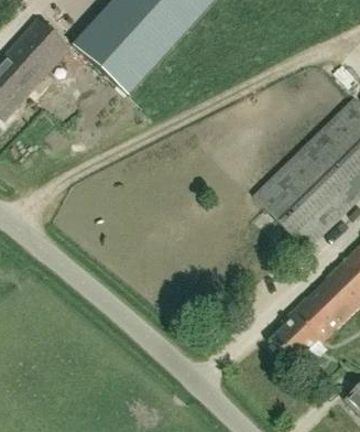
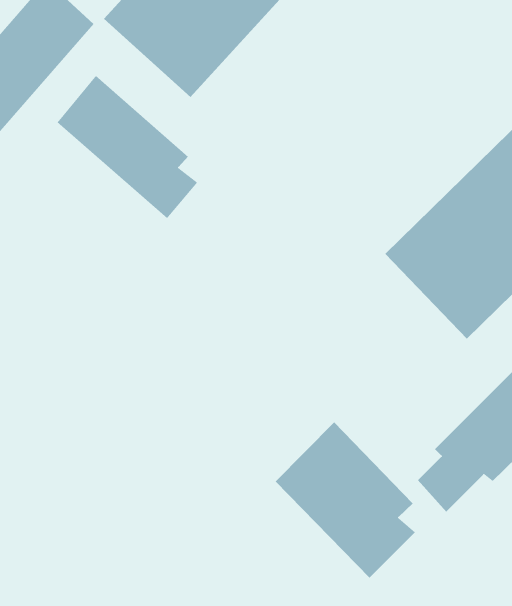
building: none -> [57,75,198,219]
building: none -> [275,421,416,579]

